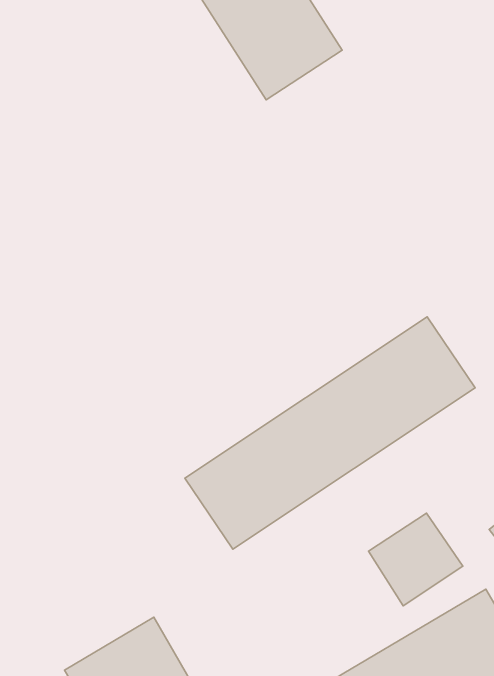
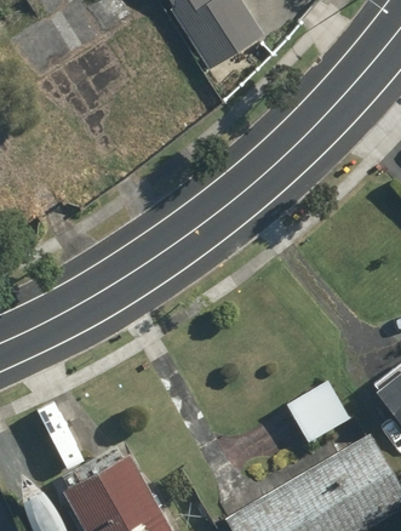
building: [185,317,475,549] -> none

